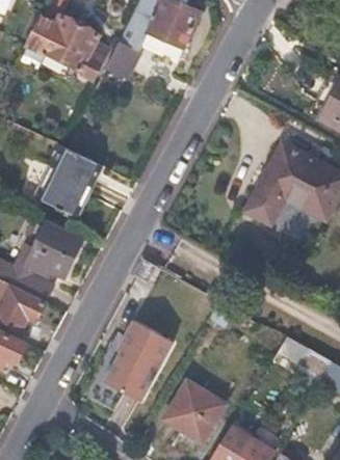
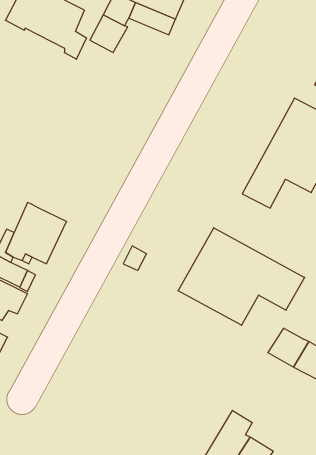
building: [35,144,100,216] -> none
building: none -> [178,228,305,325]
building: [106,323,169,400] -> none
building: [163,379,227,441] -> none

